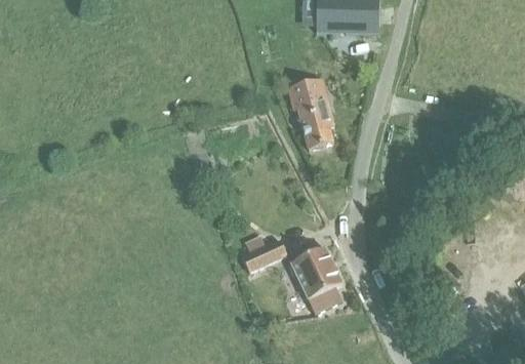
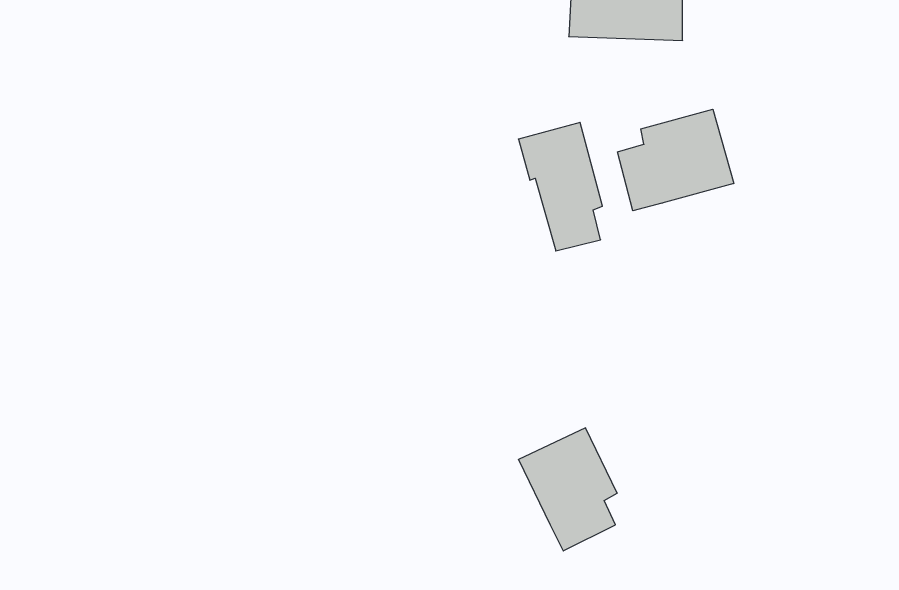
building: none -> [618,109,734,211]
building: [240,234,285,271] -> none

